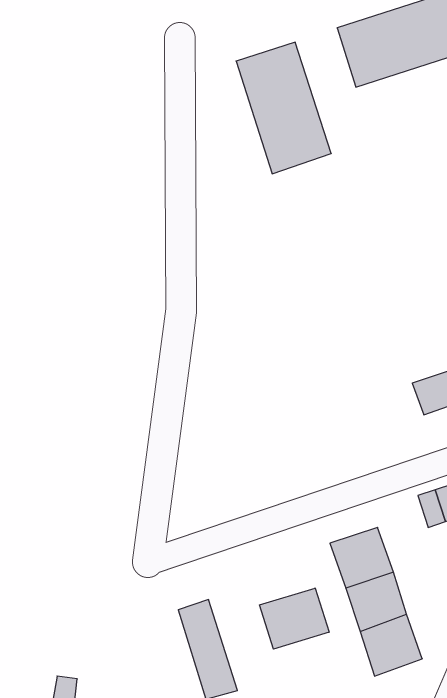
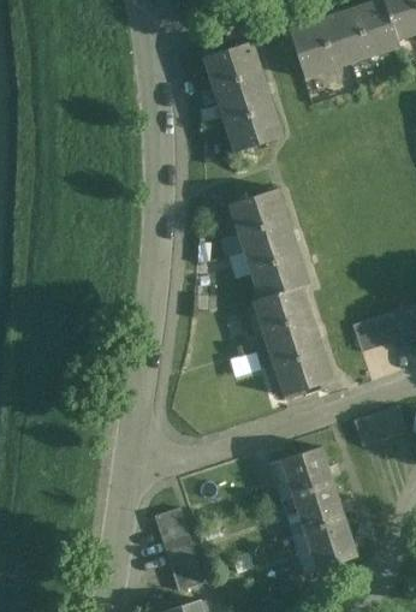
building: none -> [227,188,331,397]
building: [260,588,329,649] -> none

